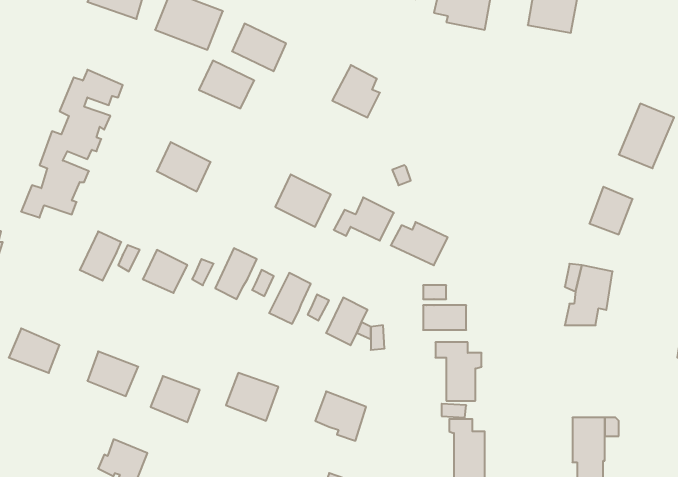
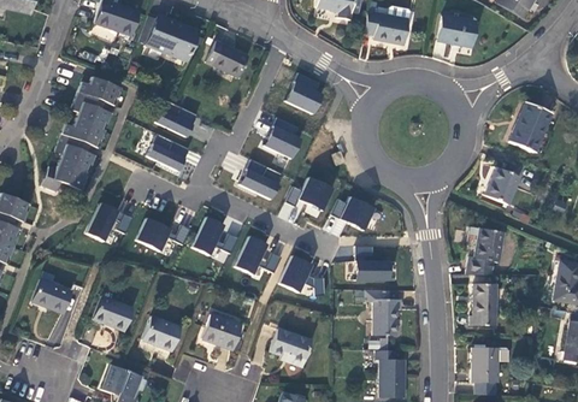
building: [199,61,254,108] -> [154,99,197,136]
building: none -> [264,117,300,158]
building: none -> [471,284,497,326]

